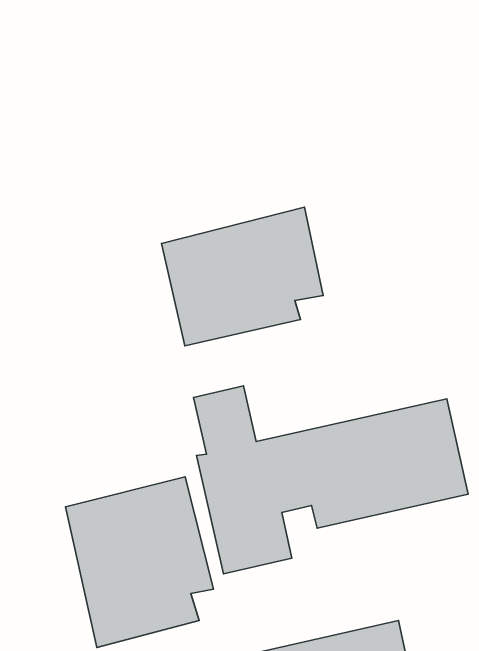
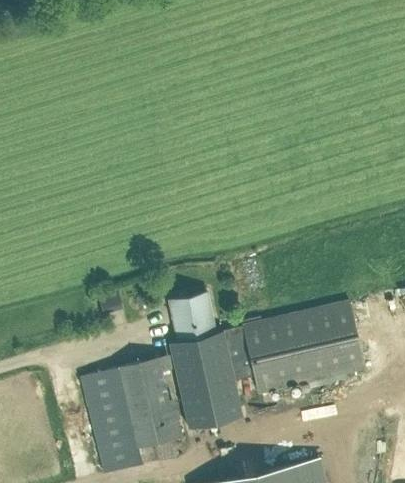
building: [161,207,323,346] -> none

